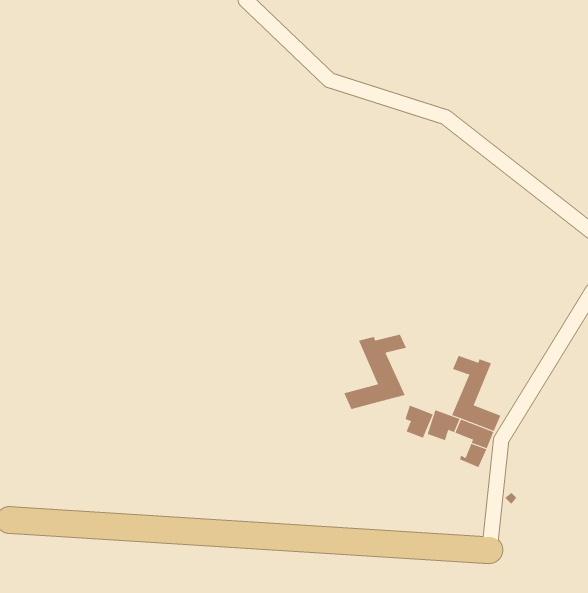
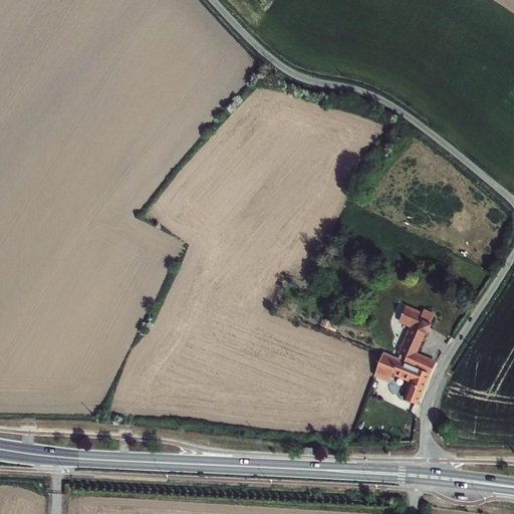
building: [344,334,407,410] -> none
building: [405,405,433,439] -> none

